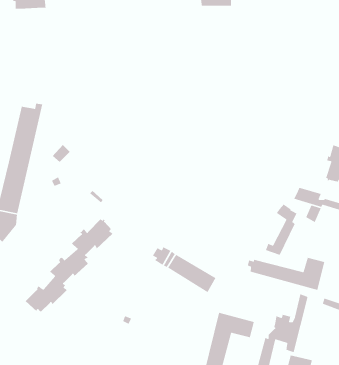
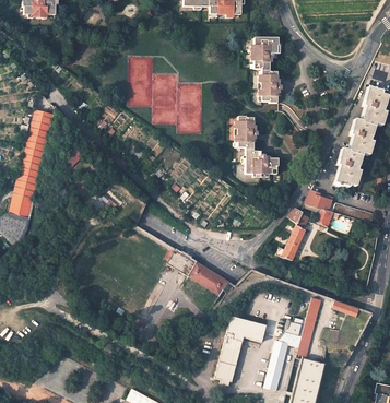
building: none -> [255,42,281,106]
building: none -> [238,118,279,179]
building: [25,218,113,312] -> none
building: [247,257,325,291] -> none

